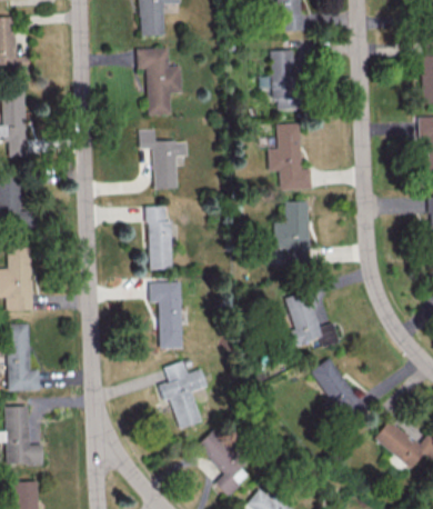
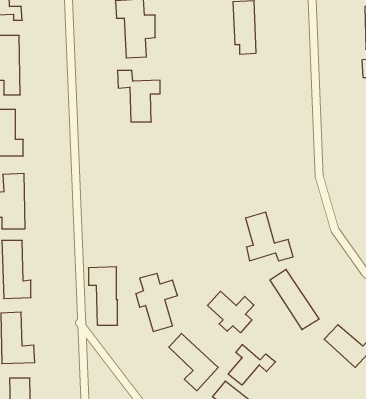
building: [269,123,312,190] -> none
building: [274,201,310,261] -> none
building: [148,206,173,269] -> none
building: [150,281,183,348] -> [88,267,118,325]
building: none -> [207,291,254,333]
building: none -> [228,345,276,385]

